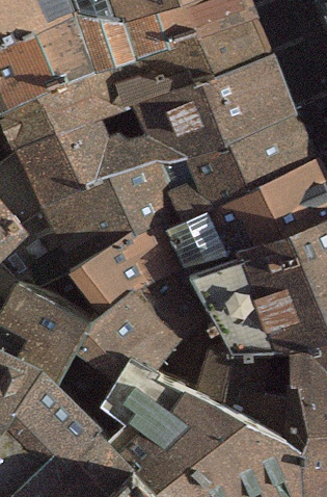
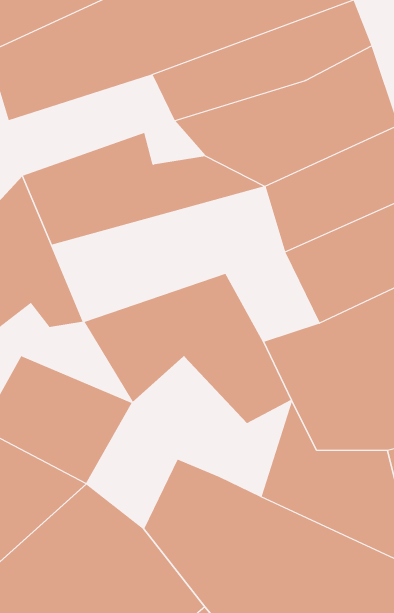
building: [13,81,137,156] -> none
building: [46,164,219,265] -> none
building: [72,291,191,419] -> none

